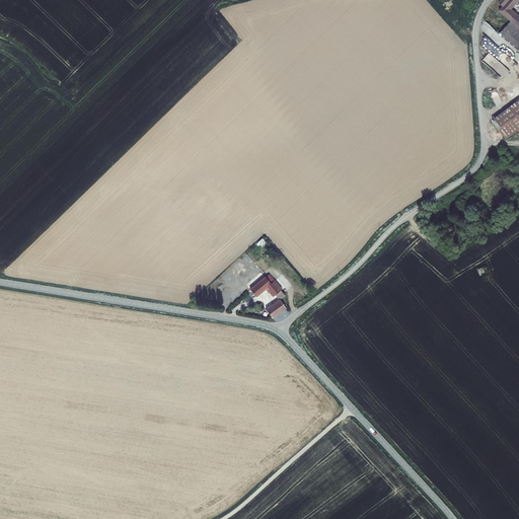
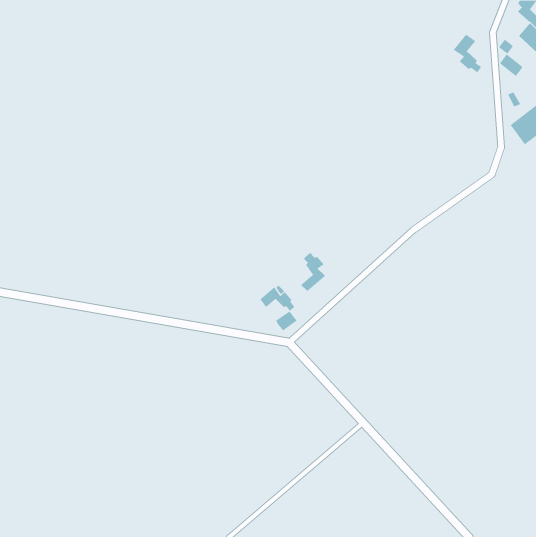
building: none -> [453,34,481,73]
building: none -> [300,252,326,292]

